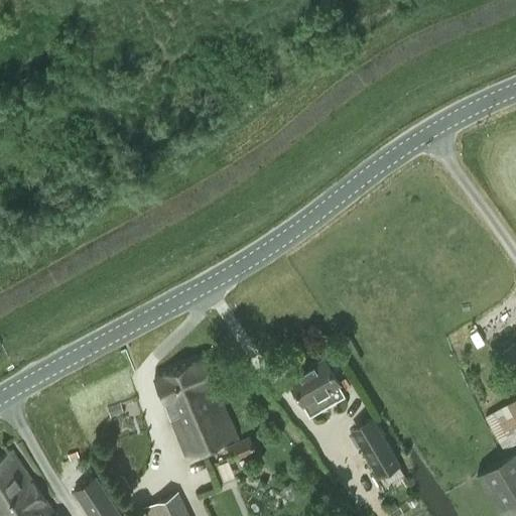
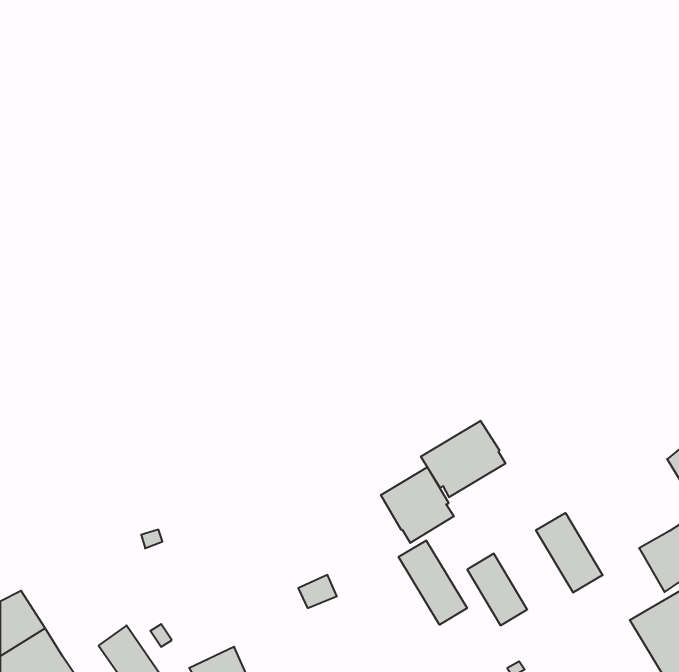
building: none -> [421,421,505,497]
building: [155,361,239,459] -> none
building: none -> [536,513,603,593]
building: none -> [399,540,467,625]

